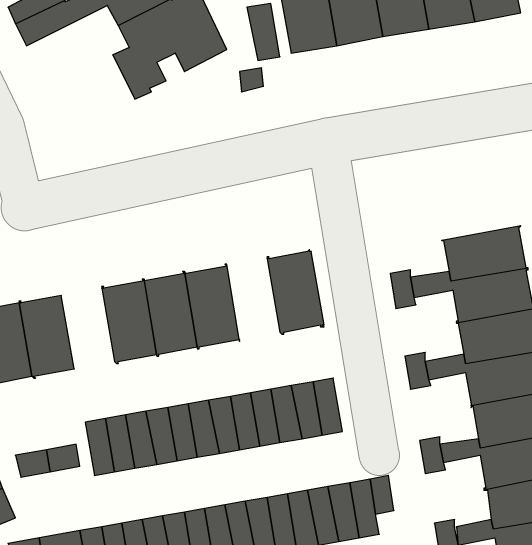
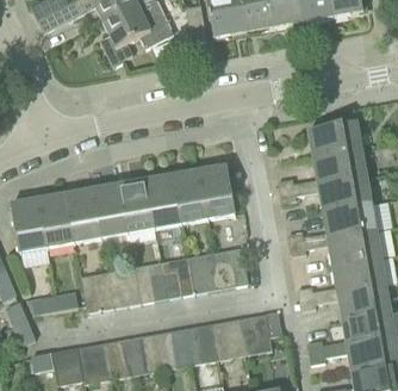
building: none -> [307,122,363,159]
building: none -> [173,170,207,224]
building: none -> [66,190,100,243]

